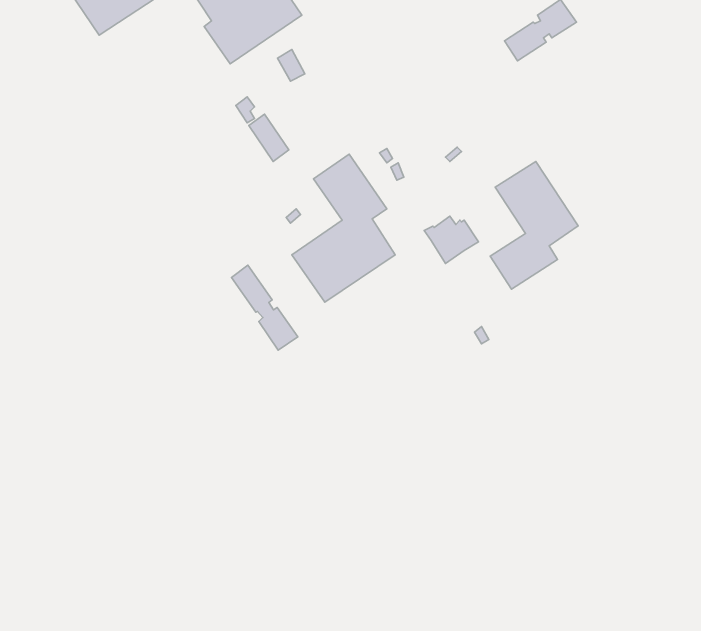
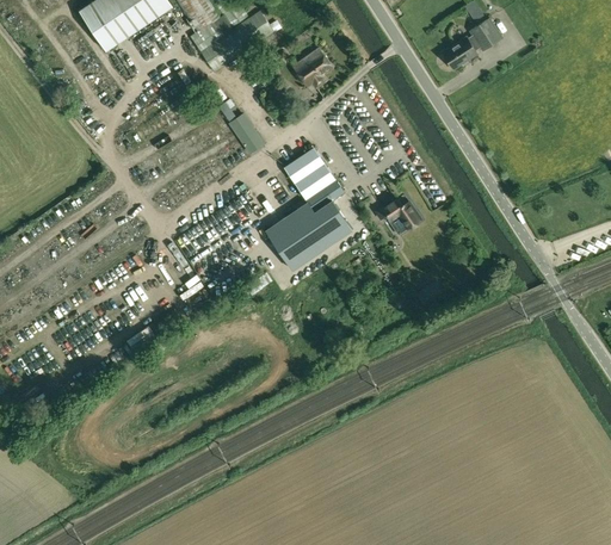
building: none -> [292,49,332,87]
building: [490,162,578,289] -> none
building: [232,265,298,350] -> none

